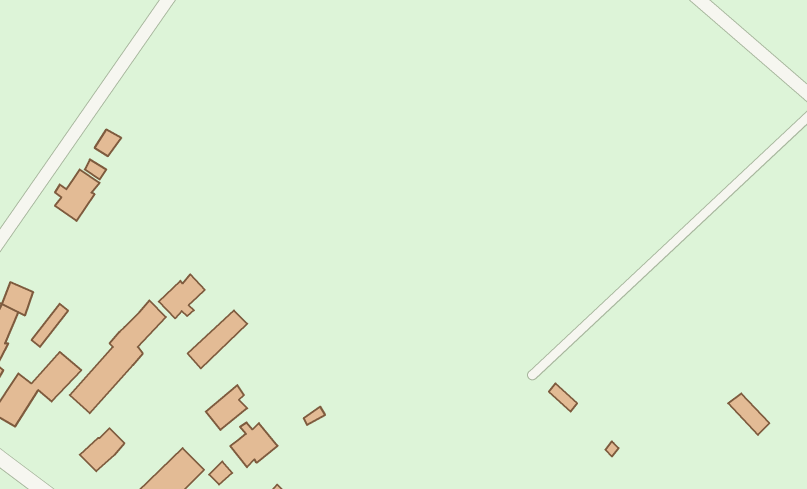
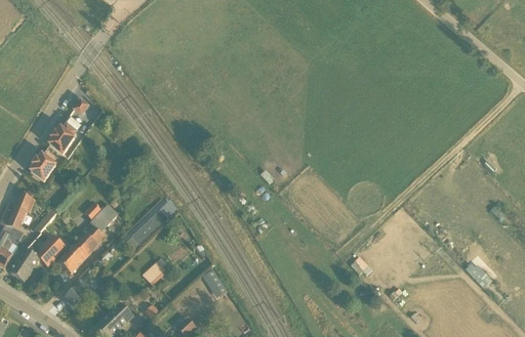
building: none -> [31,144,63,181]
building: [159,274,205,318] -> none
building: [230,422,278,467] -> none

